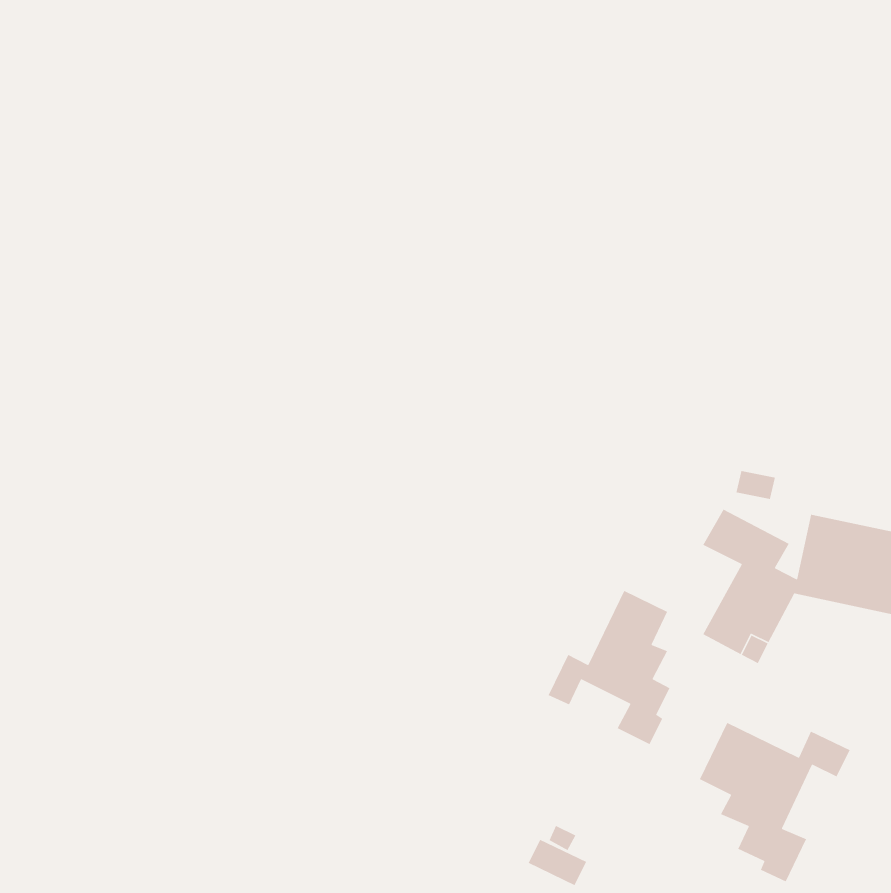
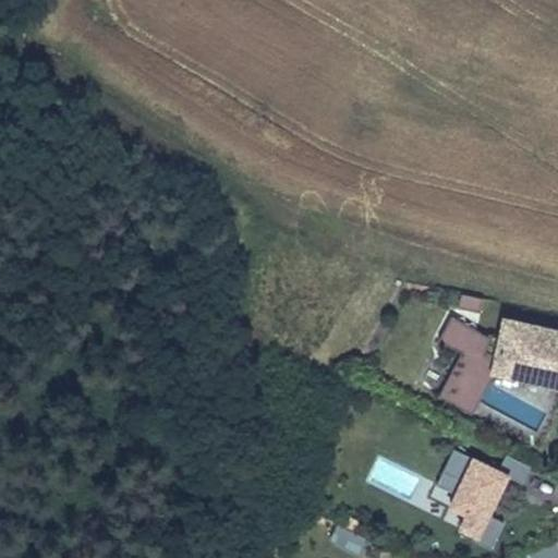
building: [548,590,671,745] -> none

